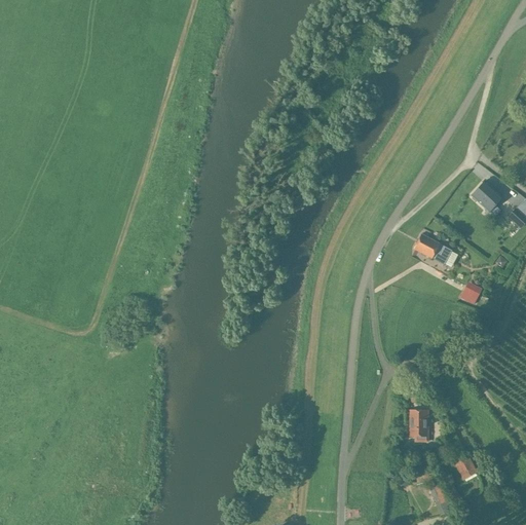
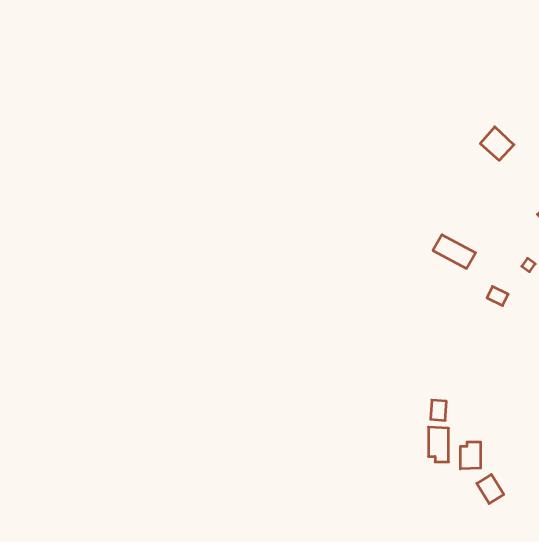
building: [473,181,503,212] -> [480,127,514,160]
building: none -> [460,442,481,469]

